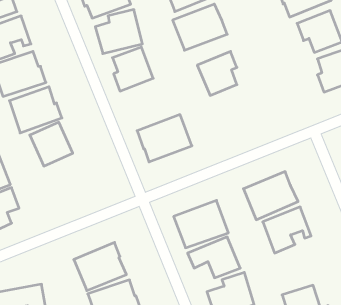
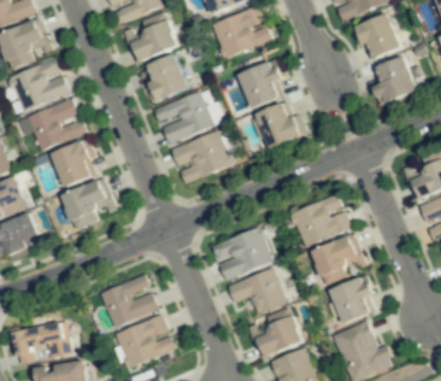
building: none -> [154,90,224,142]
building: none -> [258,102,307,147]
building: none -> [61,178,118,230]
building: none -> [330,275,374,324]

